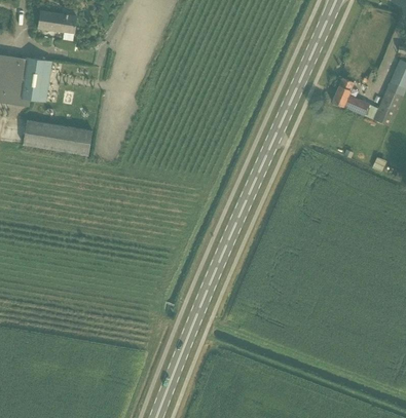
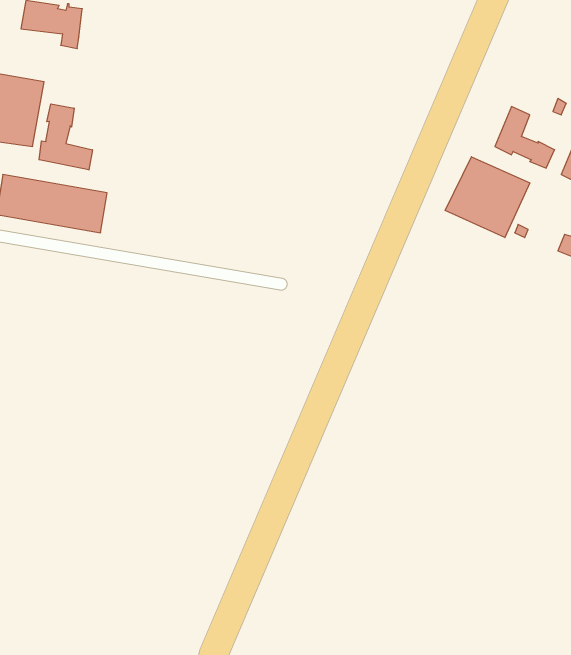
building: none -> [39,104,92,170]
building: none -> [445,157,530,238]

